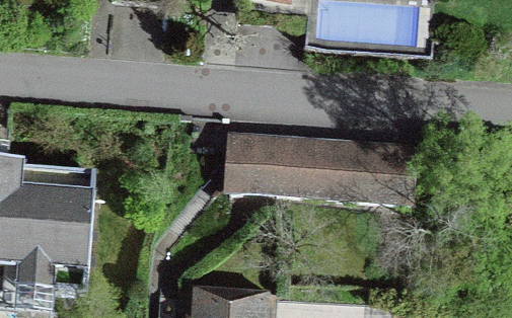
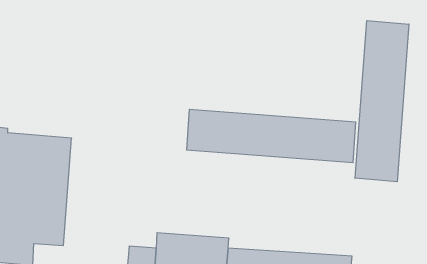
building: none -> [355,21,409,182]

